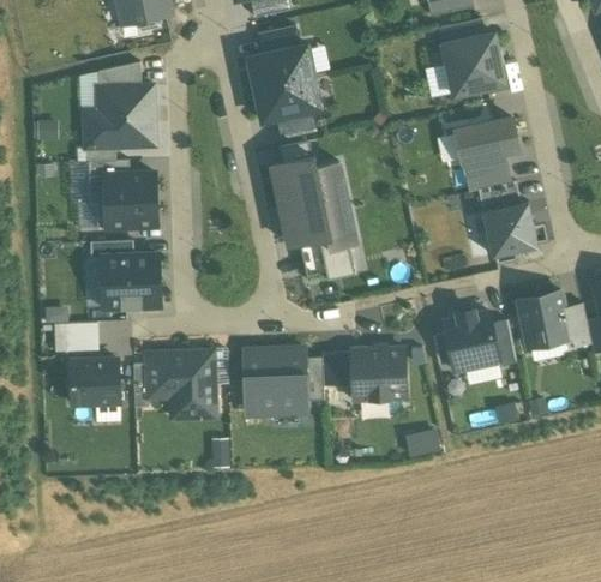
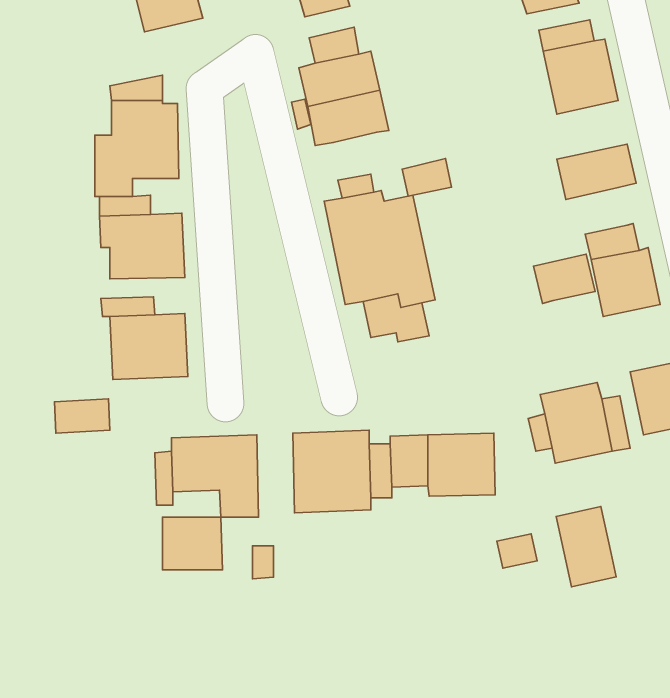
building: [276,108,315,138] -> [402,159,451,196]
building: [462,152,511,192] -> [534,254,595,303]
building: [71,360,119,402] -> [162,517,222,570]
building: none -> [556,507,616,587]

